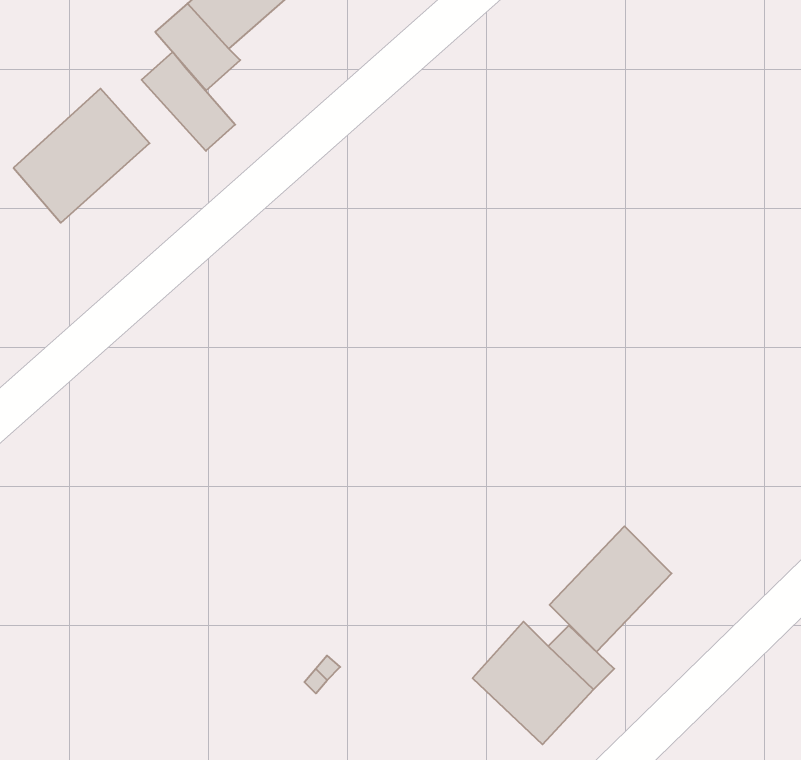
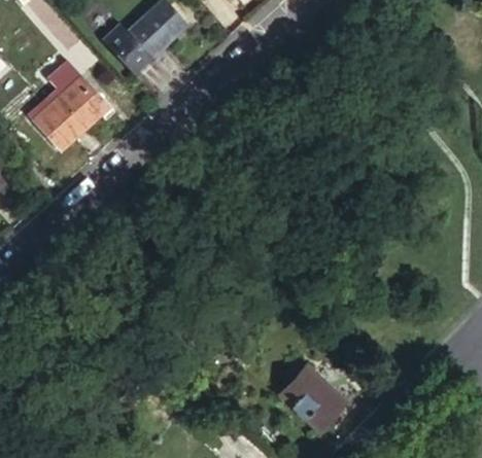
building: [142,52,235,151] -> none
building: [550,526,672,652] -> none

